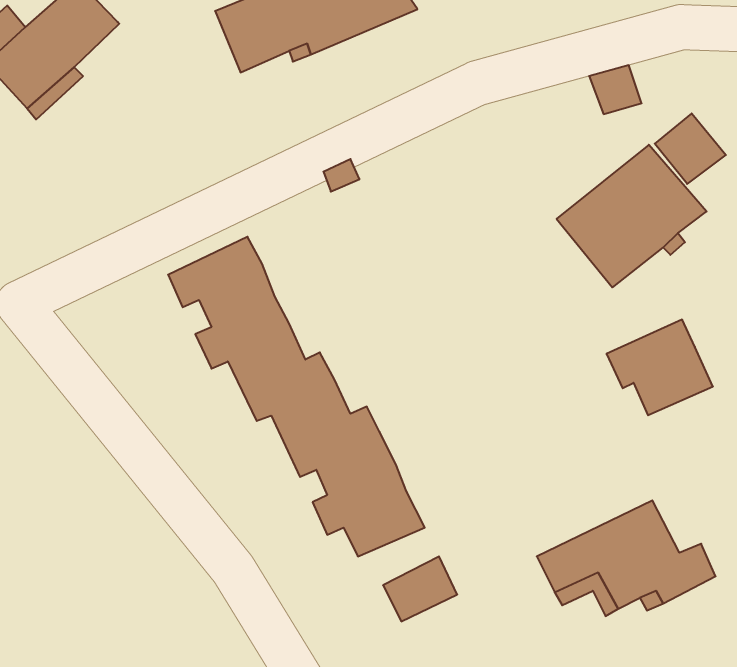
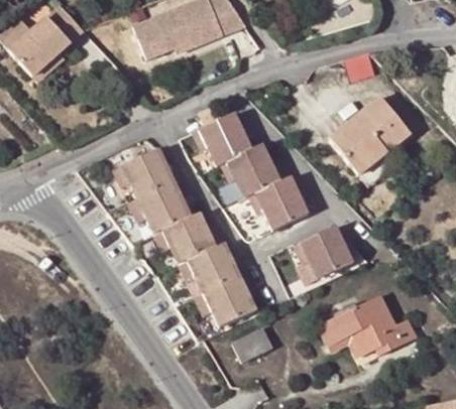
building: [655,113,726,184] -> none
building: none -> [193,113,309,231]
building: [606,320,713,415] -> [295,227,354,280]

